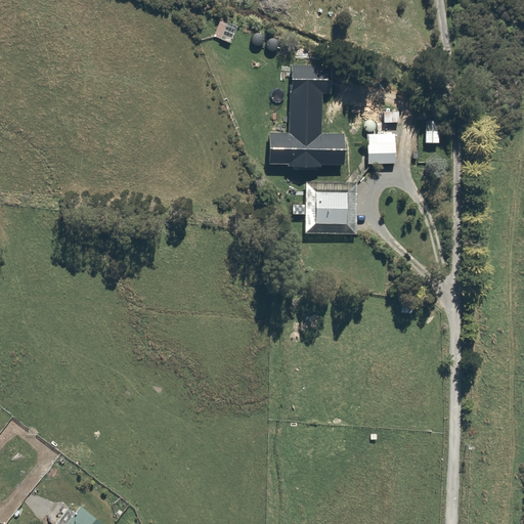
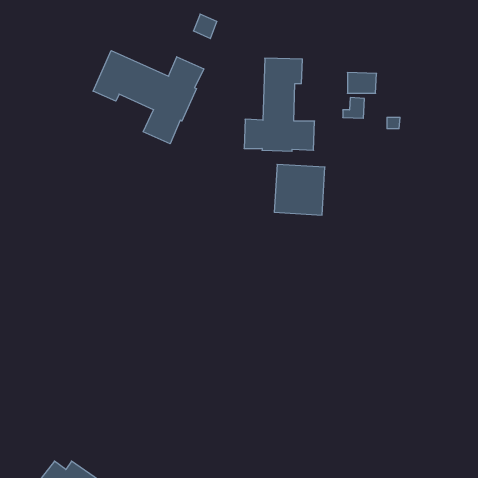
building: none -> [93,51,204,144]
building: [365,141,397,164] -> [347,73,377,93]

